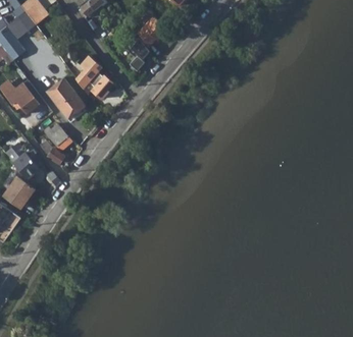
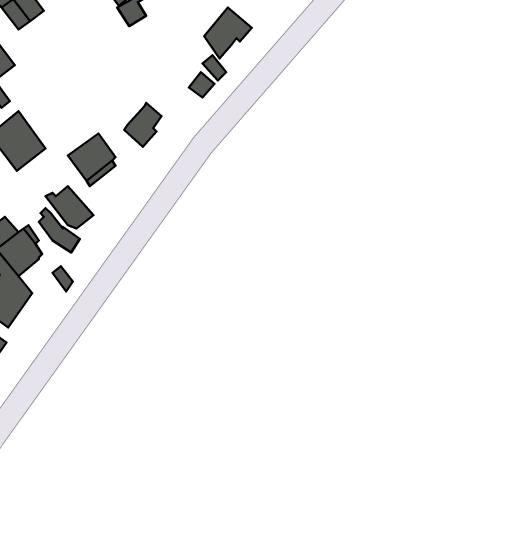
building: [73,55,102,90] -> none
building: [45,77,74,106] -> none

